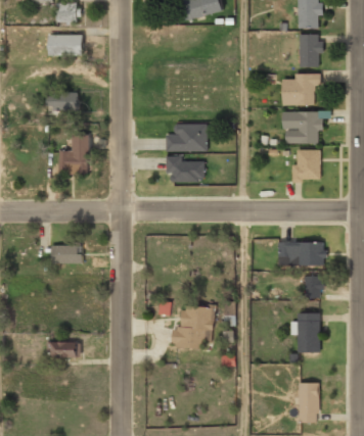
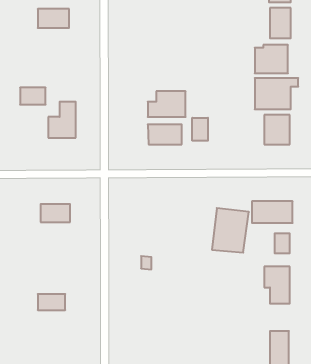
building: [51,93,79,111] -> [20,88,46,105]
building: none -> [192,118,208,141]
building: [175,302,215,350] -> [212,208,249,253]

